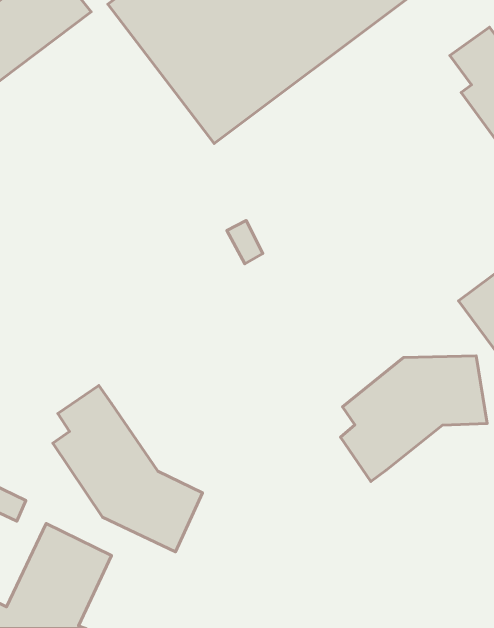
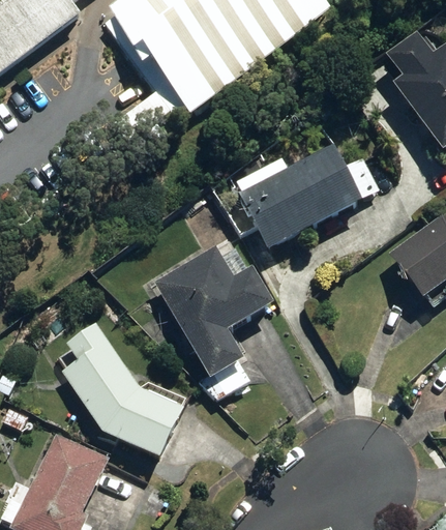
building: none -> [237,145,378,246]
building: none -> [153,245,272,393]
building: [341,356,487,482] -> none

